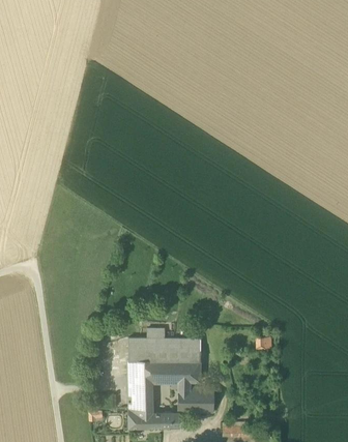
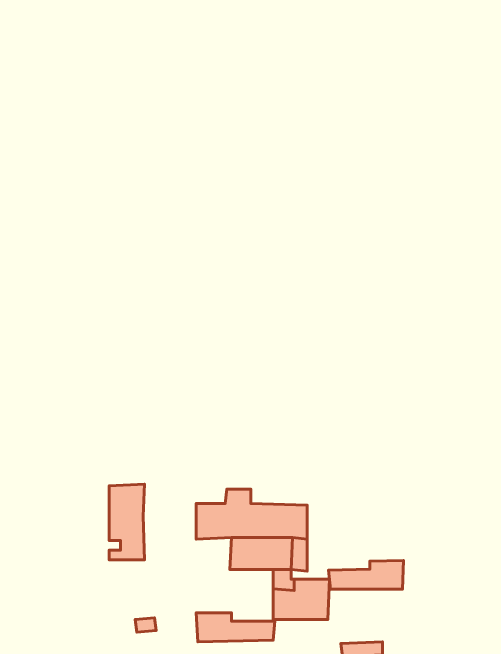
building: [128,359,151,408] -> [109,484,145,560]
building: none -> [329,560,403,589]

